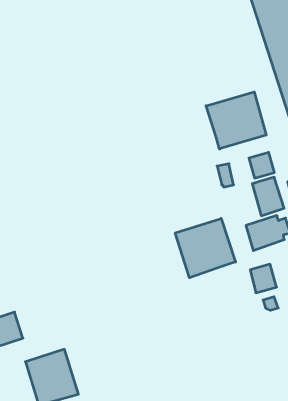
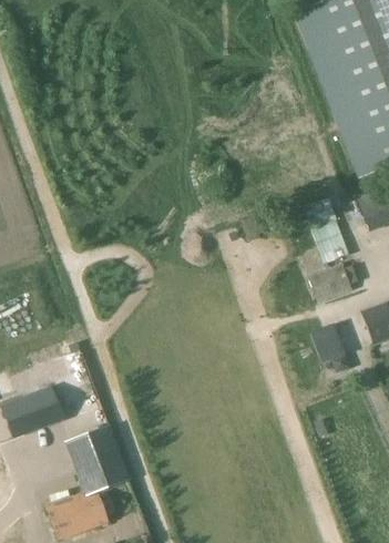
building: [206,92,266,149] -> none
building: [175,218,236,278] -> none

